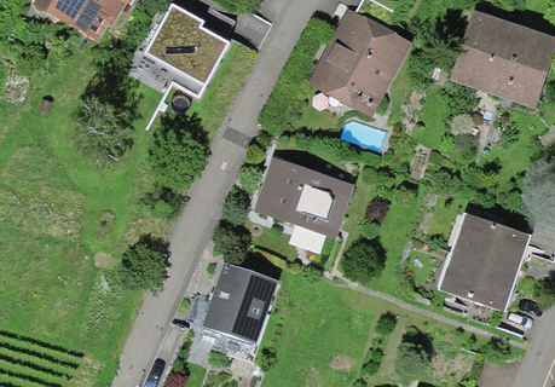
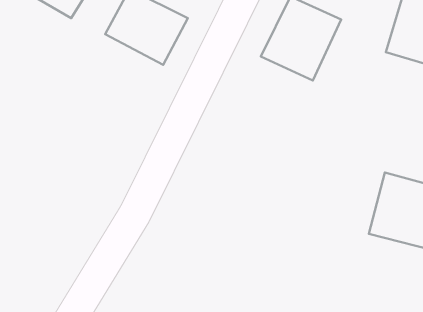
building: [258,161,357,236] -> none
building: [201,261,282,345] -> none

